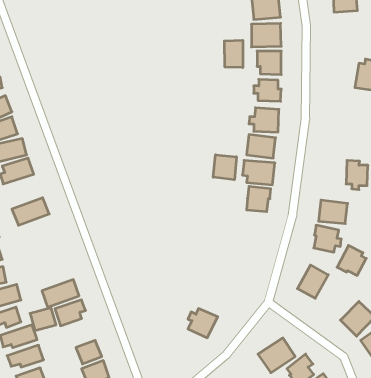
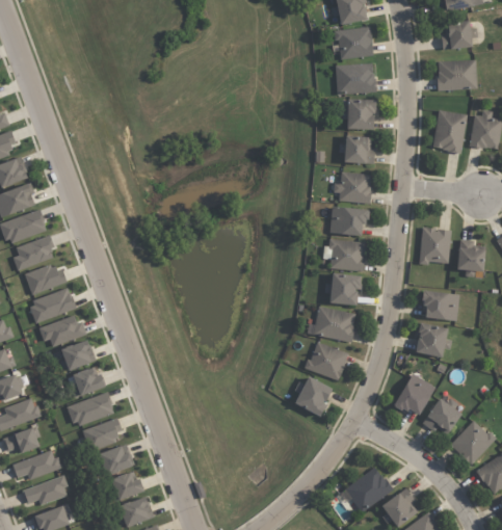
building: none -> [438,59,476,89]
building: [224,40,243,68] -> none
building: none -> [432,110,466,152]
building: none -> [419,228,450,264]
building: [213,155,236,180] -> none
building: none -> [25,262,65,294]
building: none -> [313,306,356,342]
building: none -> [38,317,86,344]
building: none -> [59,341,94,369]
building: none -> [306,341,348,380]
building: [337,245,366,275] -> [423,396,460,434]
building: none -> [73,368,105,395]
building: [30,308,56,330] -> [100,445,133,474]
building: [188,309,218,338] -> [294,377,333,415]

